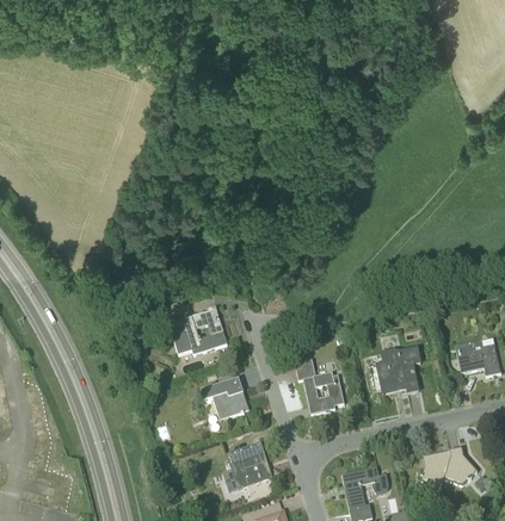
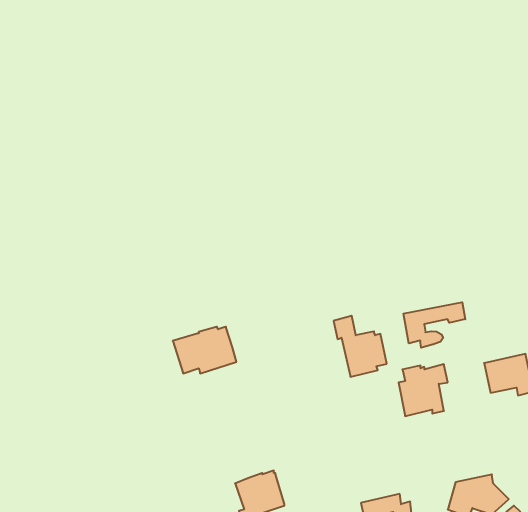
building: none -> [403,302,465,348]
building: [295,358,344,414] -> [334,316,387,377]
building: [201,377,248,418] -> none

